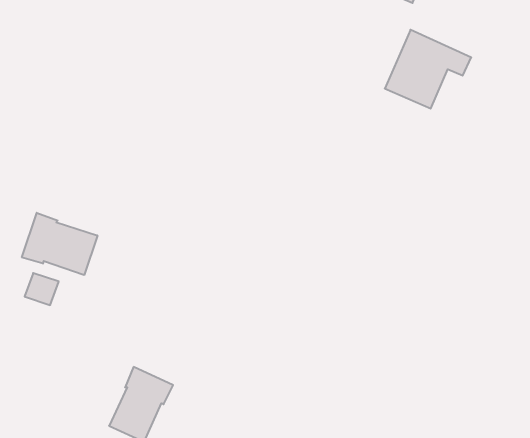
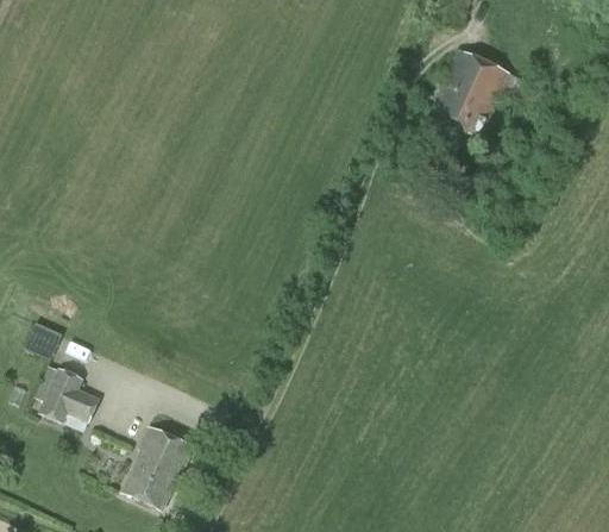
building: [22,213,97,275] -> none
building: none -> [37,365,98,423]

